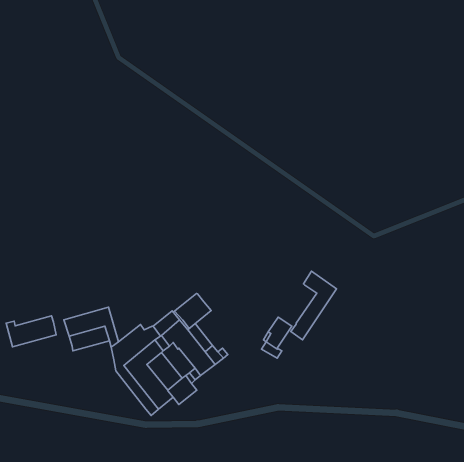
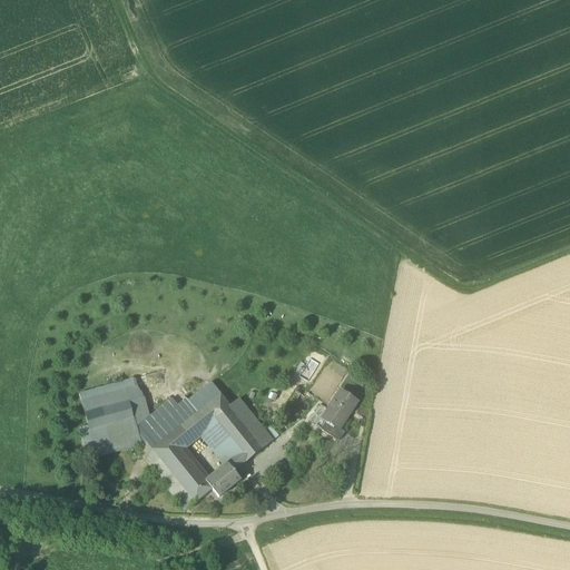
building: [291,271,337,340] -> none
building: [174,293,211,328] -> none
building: [6,316,56,347] -> [80,416,141,454]

